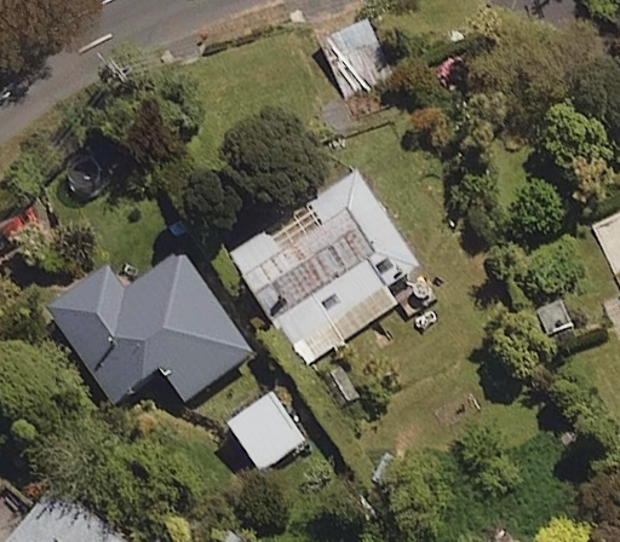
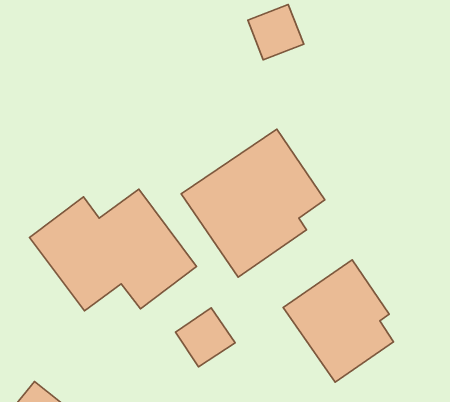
building: none -> [283,260,394,382]

